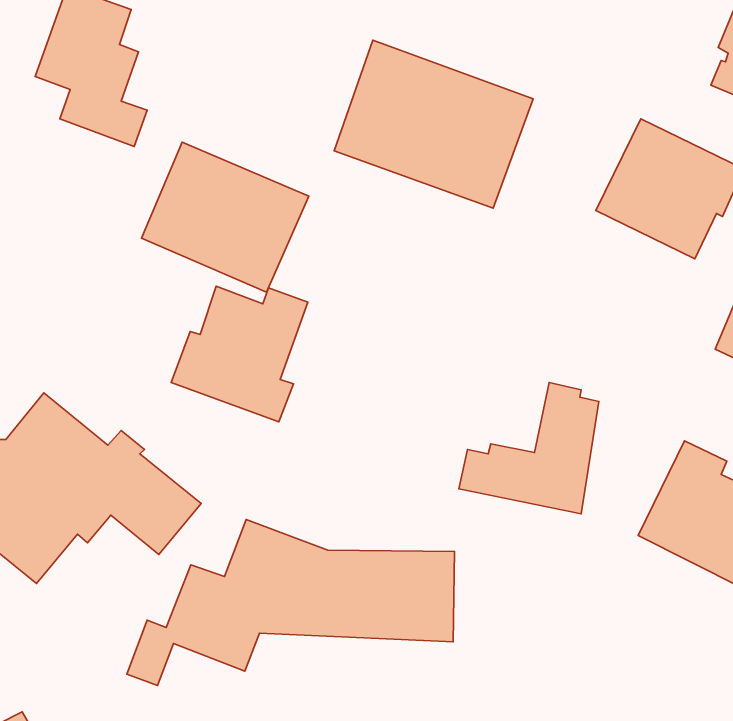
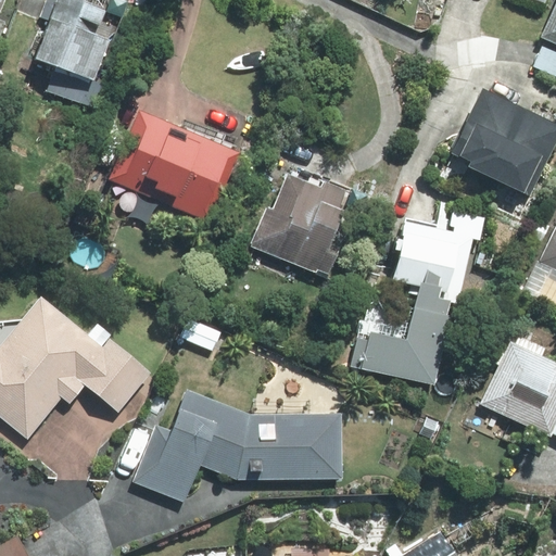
building: [334,40,533,208] -> none
building: none -> [389,211,483,296]
building: [171,286,308,422] -> [248,176,350,277]

